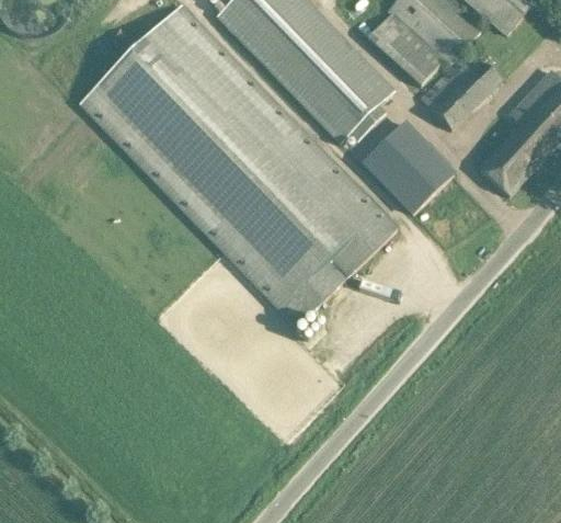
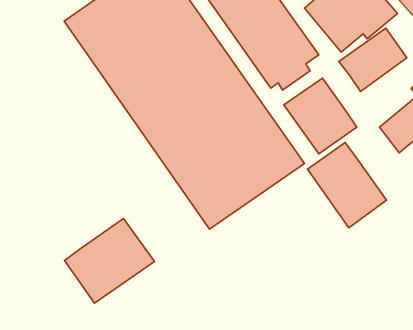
building: none -> [307,142,386,228]
building: none -> [65,218,155,303]

